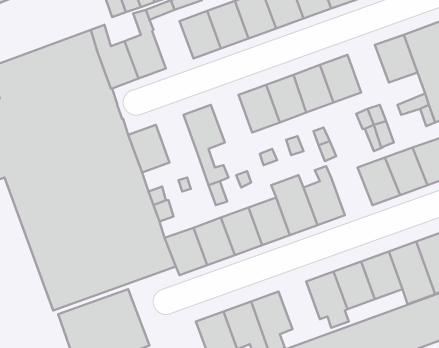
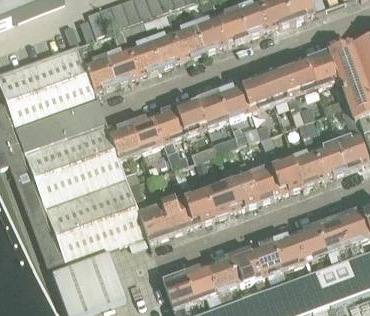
building: none -> [128,38,161,76]
building: none -> [284,57,317,95]
building: none -> [175,97,208,135]
building: none -> [131,113,164,151]
building: none -> [271,155,304,193]
building: none -> [229,246,266,290]

